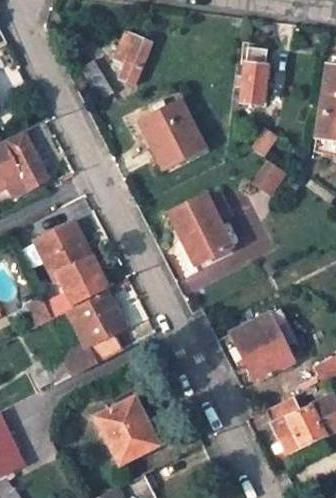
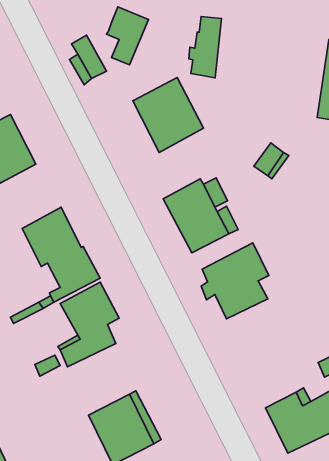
building: [236,48,267,106] -> [189,16,221,78]
building: [231,309,295,381] -> [201,243,269,319]

